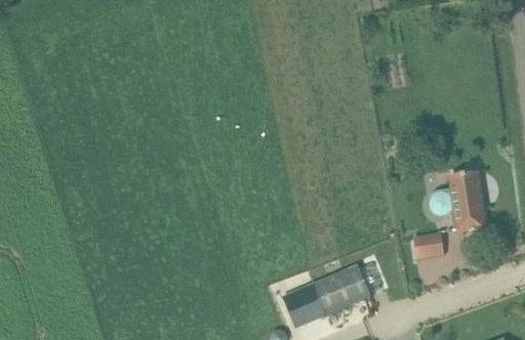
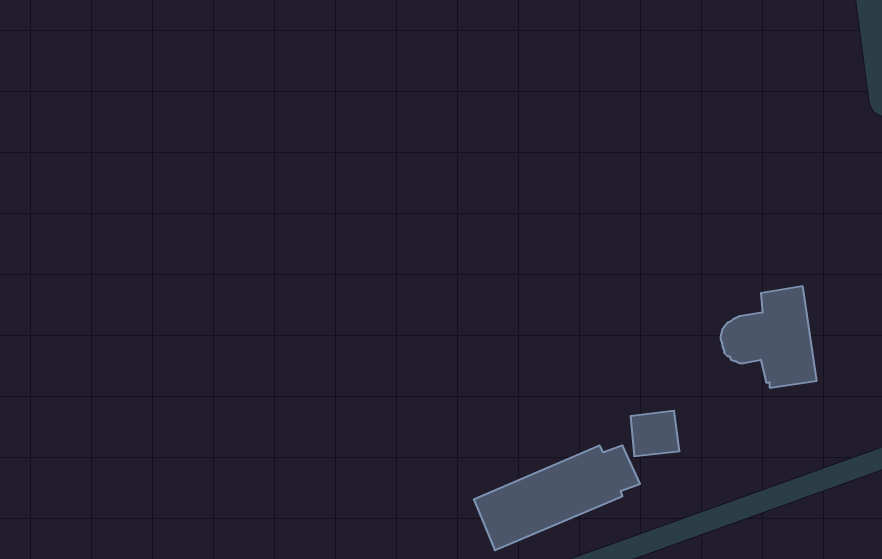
building: [415,232,444,259] -> [631,411,680,456]

